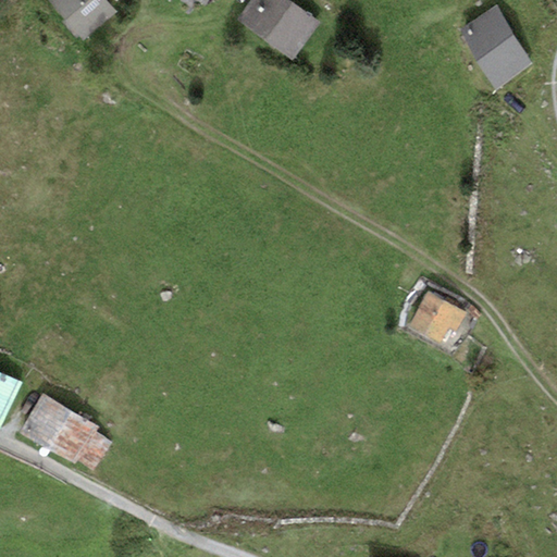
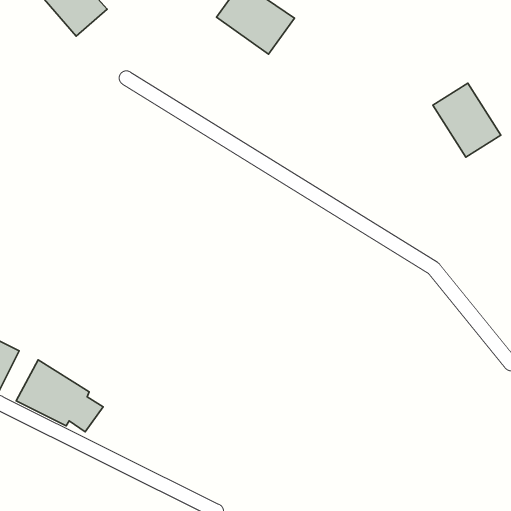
building: [457,7,531,87] -> [433,83,501,157]
building: [407,290,467,344] -> none

